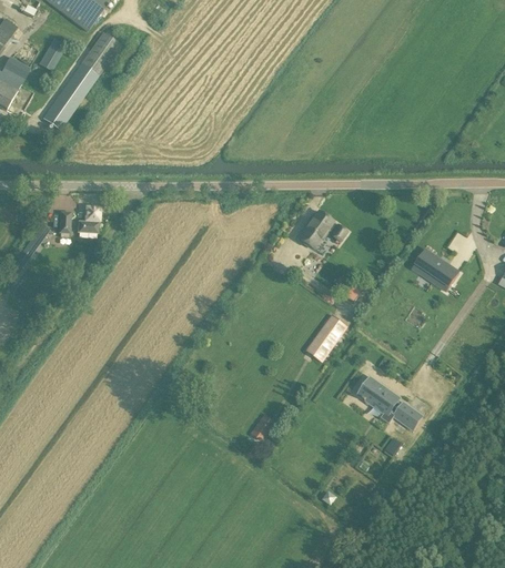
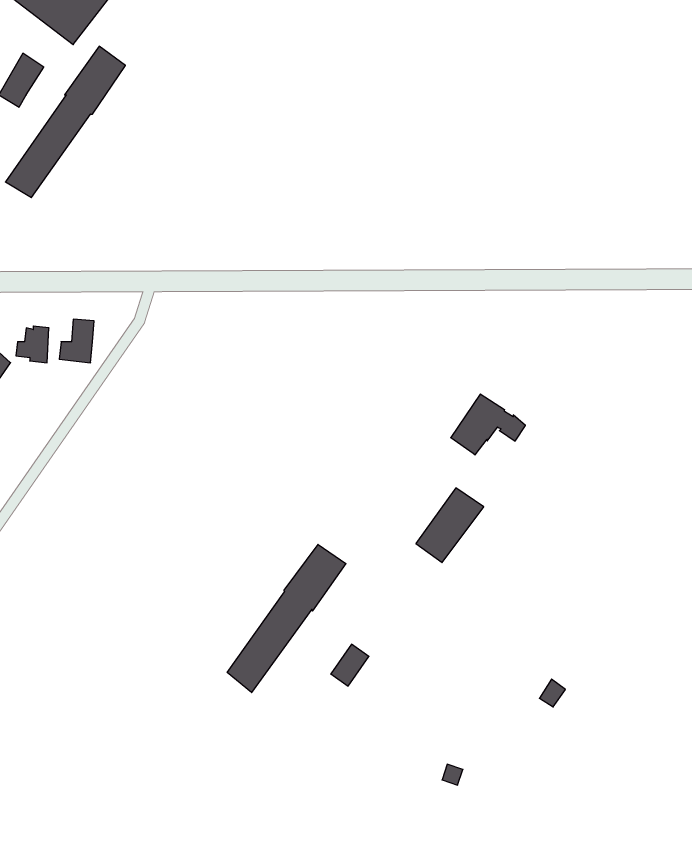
building: [297,210,345,248] -> [451,394,525,455]
building: [411,247,458,290] -> none
building: none -> [227,544,346,693]
building: [356,376,421,428] -> none

